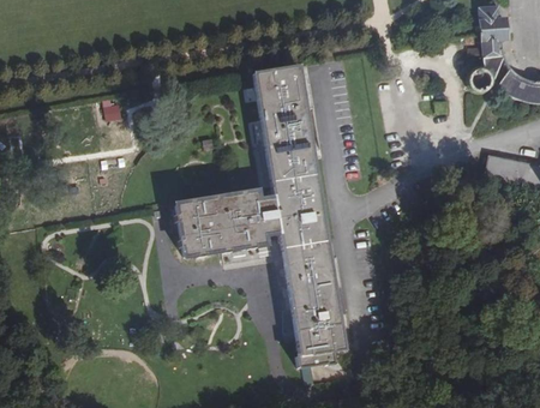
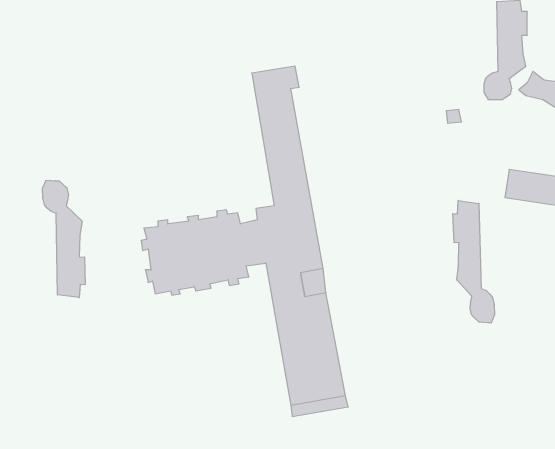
building: [251,71,287,187] -> none
building: none -> [43,180,85,298]
building: none -> [453,200,494,323]

